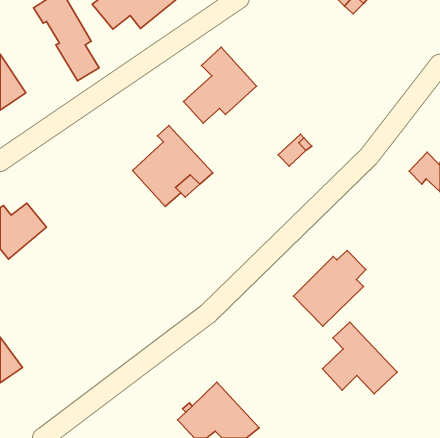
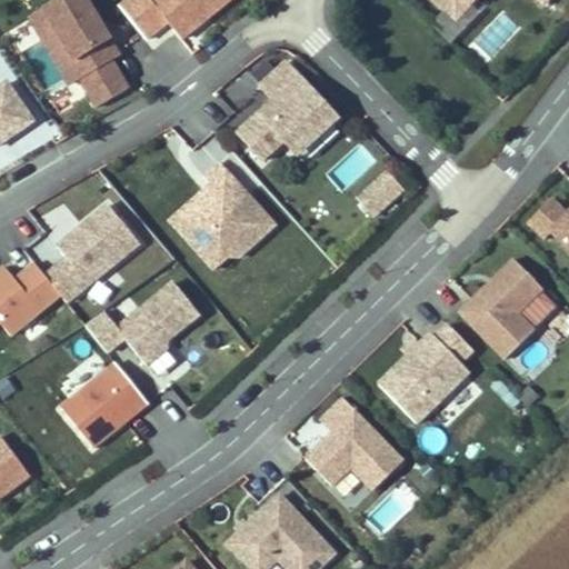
building: none -> [46,203,139,301]
building: none -> [460,258,542,358]
building: none -> [86,281,199,363]
building: none -> [61,362,148,446]
building: [322,322,397,394] -> [306,398,402,490]

